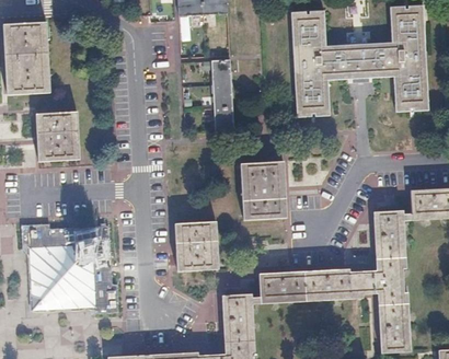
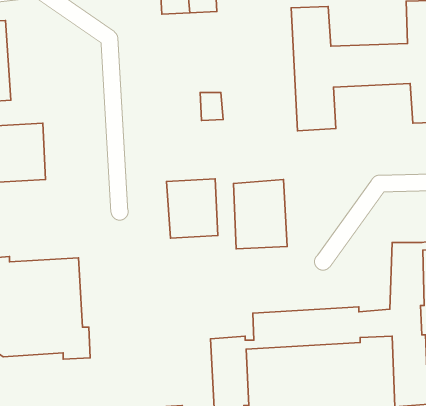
building: [210,60,230,85] -> none
building: [214,108,233,134] -> none
building: [175,220,219,270] -> [167,179,218,238]

